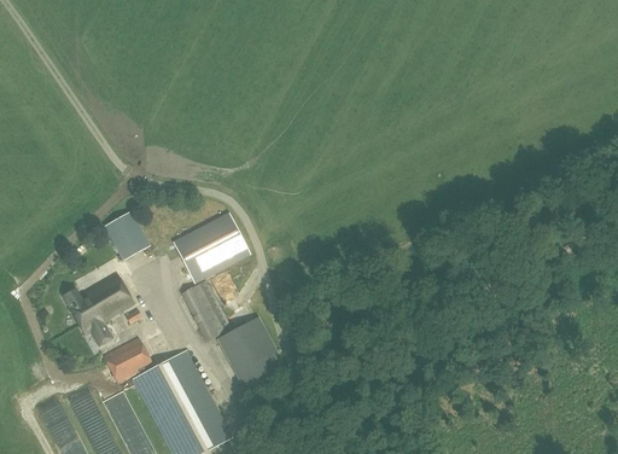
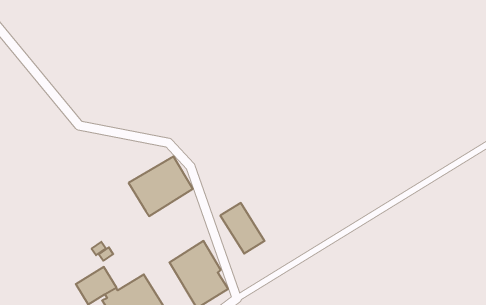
building: [105,210,148,258] -> none
building: [62,274,133,345] -> none
building: [180,280,231,340] -> [220,203,265,254]

